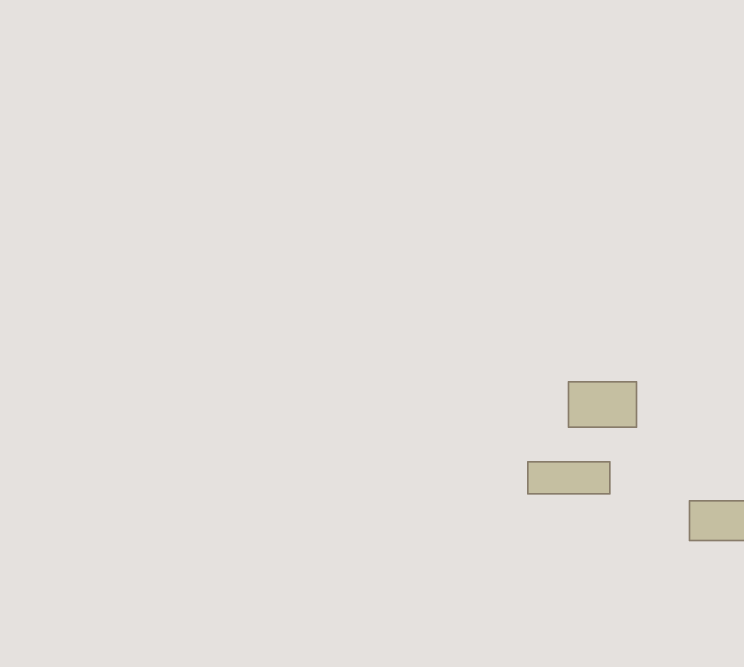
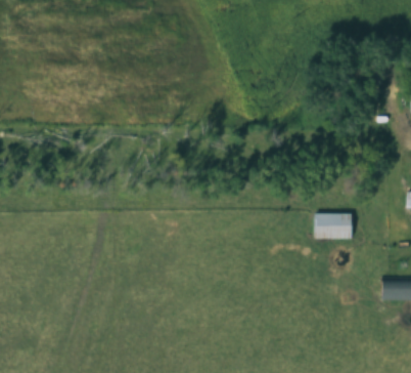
building: [528,462,610,494] -> none

